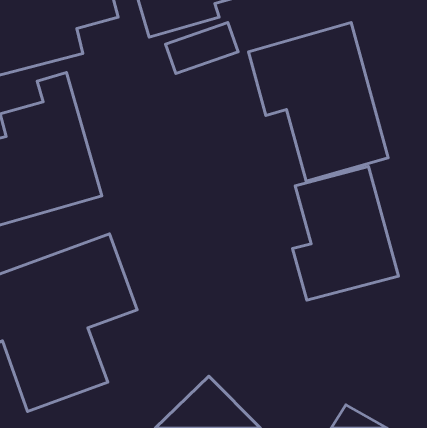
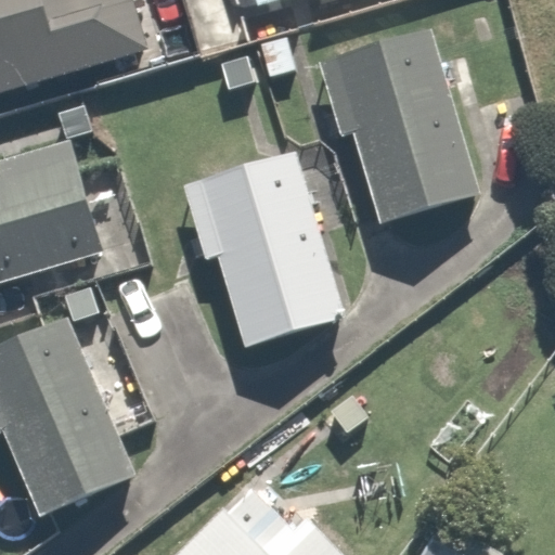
building: none -> [179,150,332,347]
building: [292,166,398,300] -> none

